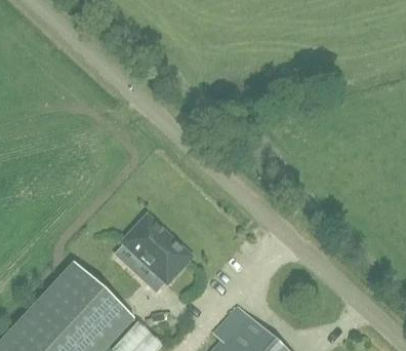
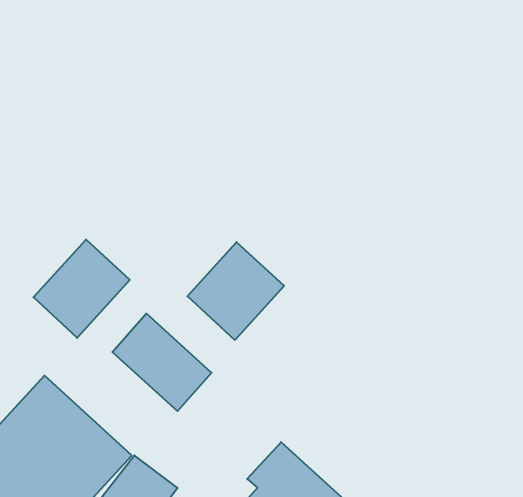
building: none -> [33,239,130,338]
building: none -> [187,242,284,340]

